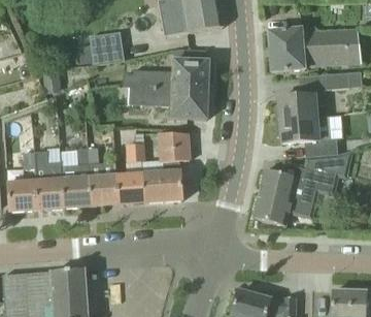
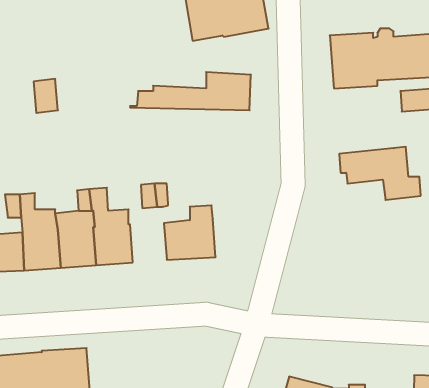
building: [91,32,124,64] -> none
building: [117,86,208,119] -> none
building: [275,93,326,121] -> none
building: [158,132,190,161] -> none
building: [254,167,338,225] -> none
building: [117,173,145,203] -> none

